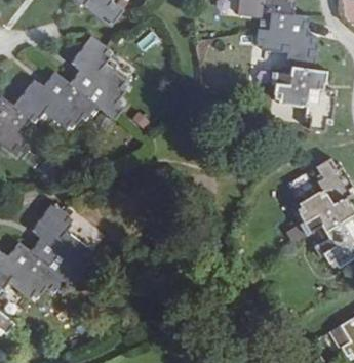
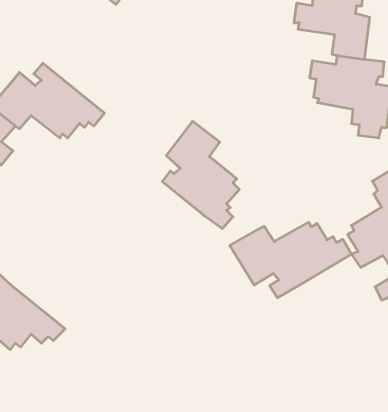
building: [69,38,129,122] -> [162,121,239,229]
building: none -> [230,222,351,298]
building: [29,201,87,284] -> none

